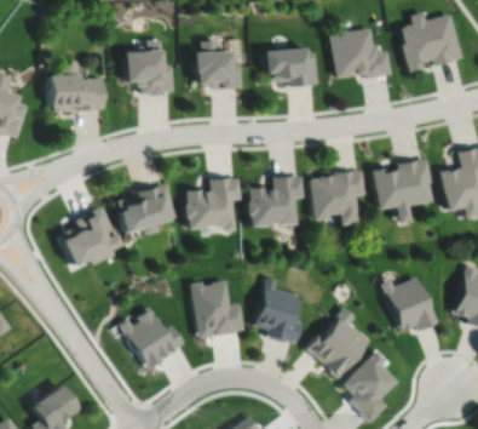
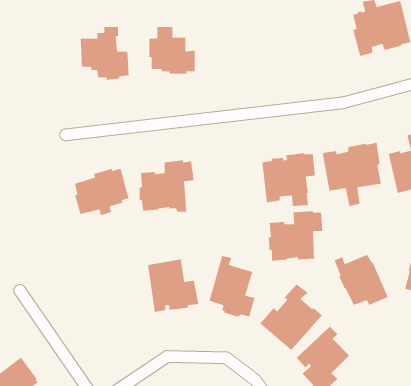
building: [329,29,392,80] -> none
building: [263,50,318,88] -> none
building: [46,65,104,113] -> none
building: [246,177,303,229] -> [268,211,323,261]
building: [57,208,115,270] -> none
building: [119,307,184,368] -> none

